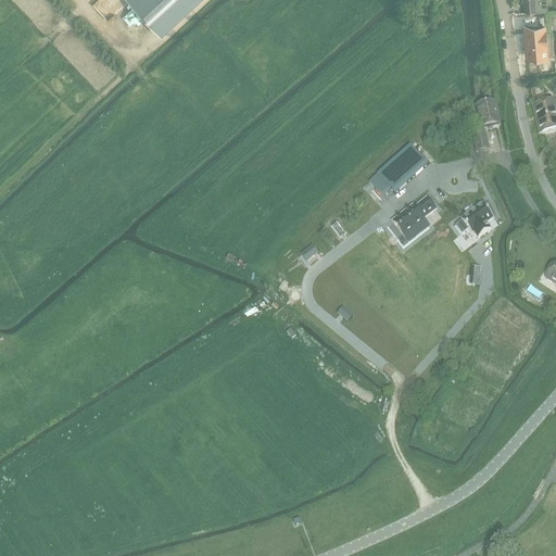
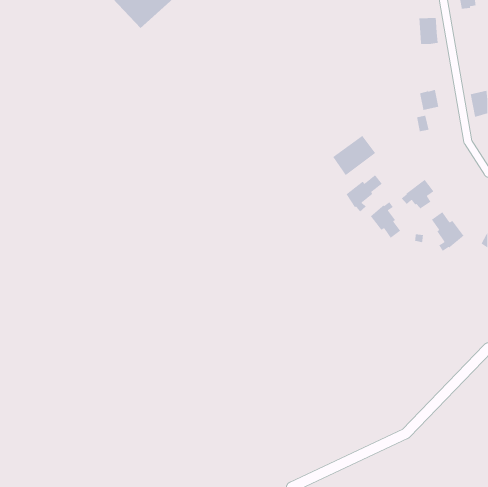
building: [523,23,546,59] -> [418,17,438,49]
building: none -> [370,201,401,239]
building: none -> [431,211,464,252]

